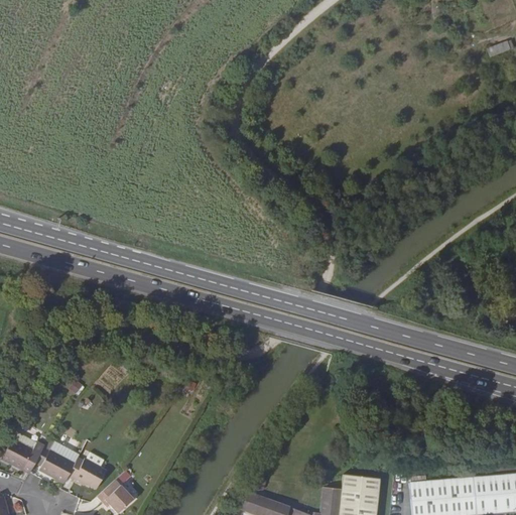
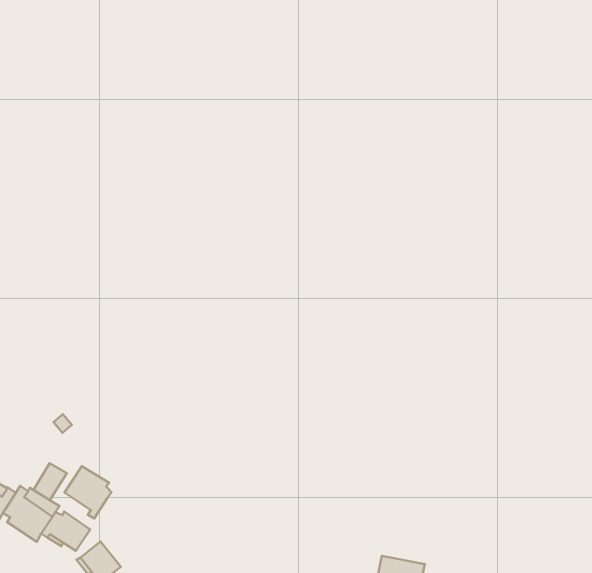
building: none -> [33,463,67,500]
building: none -> [65,466,112,519]

